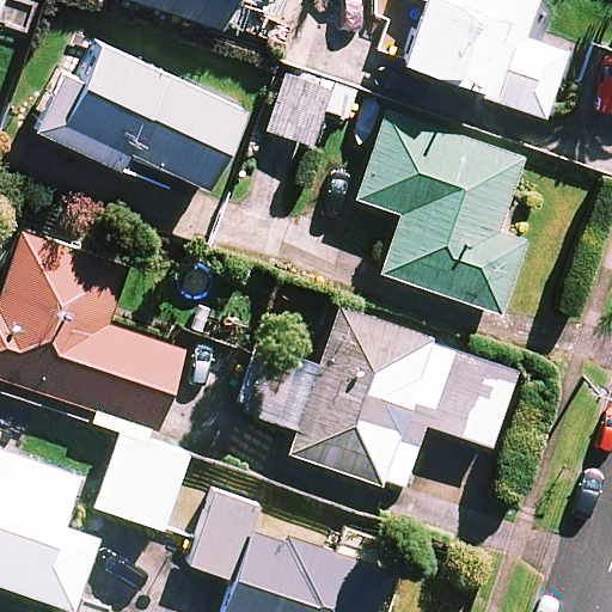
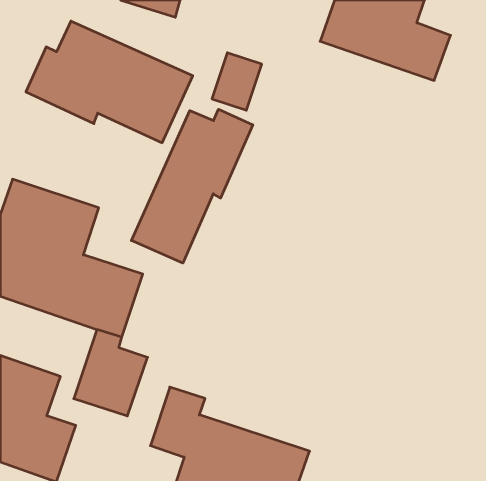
building: [357,114,527,314] -> none
building: none -> [131,109,253,263]
building: [238,307,516,491] -> none

